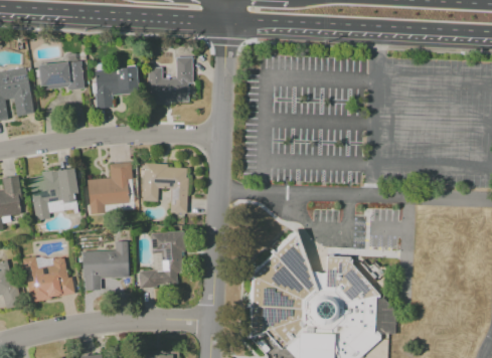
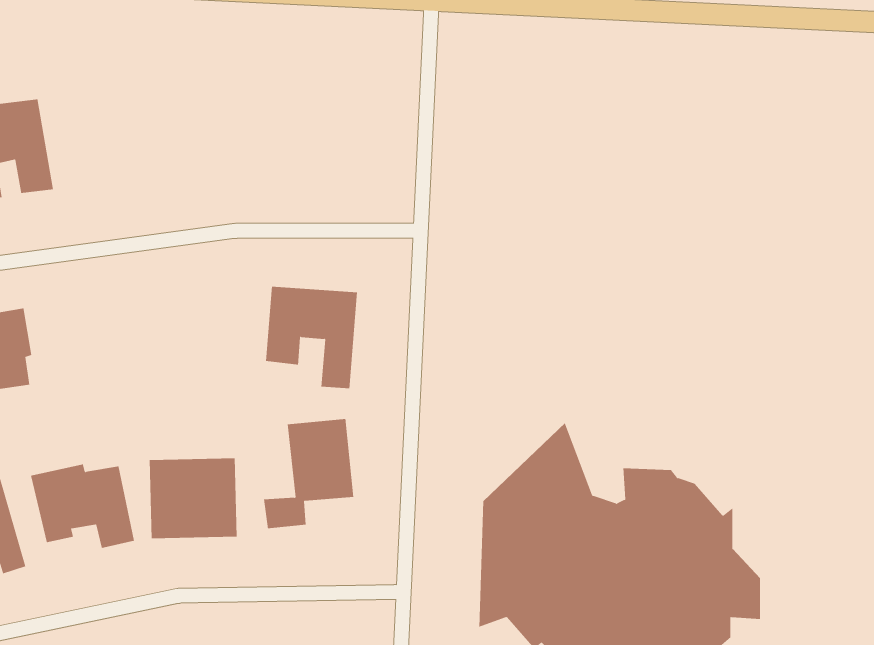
building: [148,57,193,105] -> none
building: [38,61,85,93] -> none
building: [96,66,138,107] -> none
building: [88,163,134,214] -> none
building: [27,168,80,221] -> none

